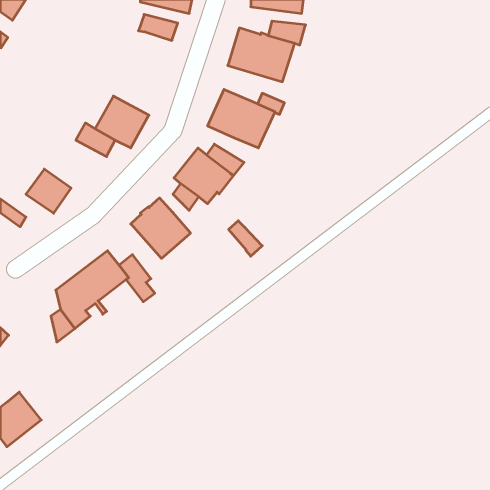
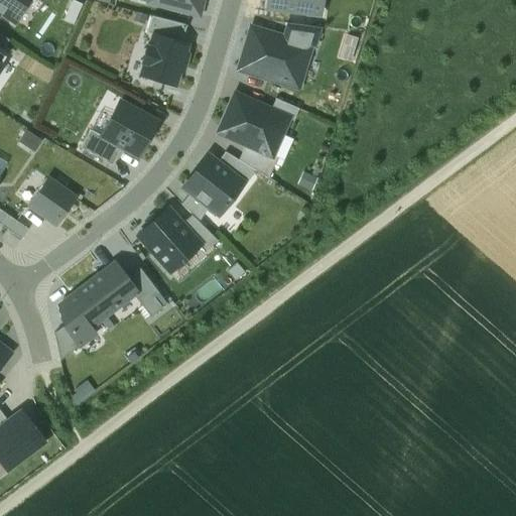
building: none -> [141,33,187,85]
building: none -> [239,144,278,177]
building: [229,221,262,256] -> [182,214,218,251]

